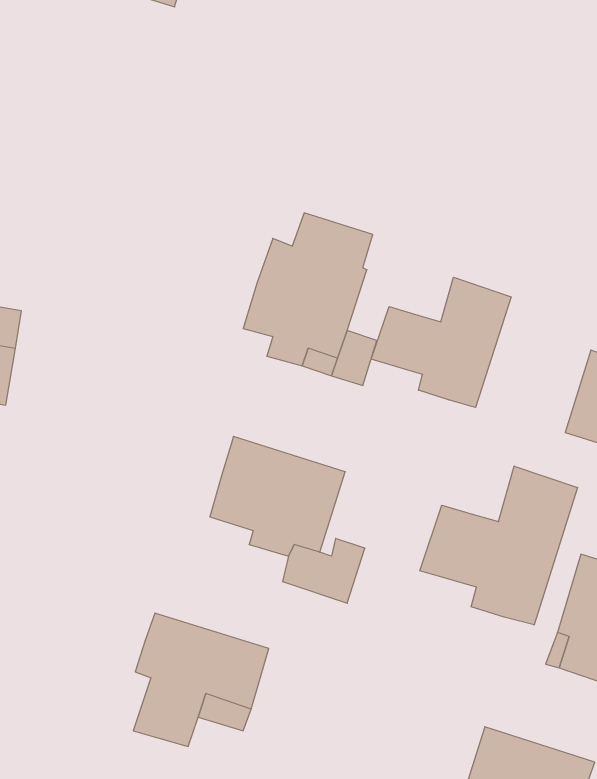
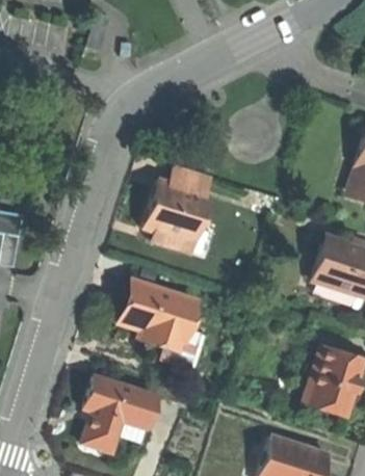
building: [371,277,511,407] -> none
building: [420,466,578,625] -> none

